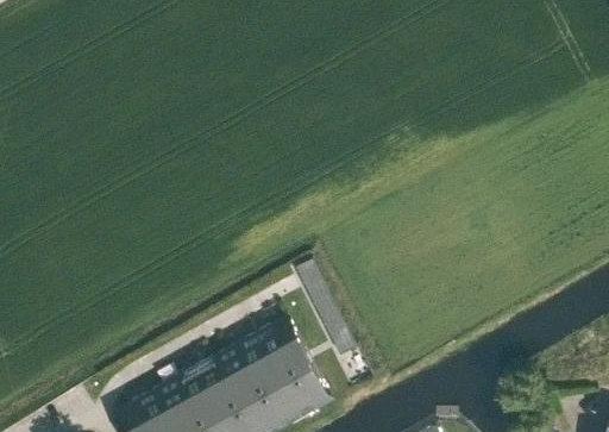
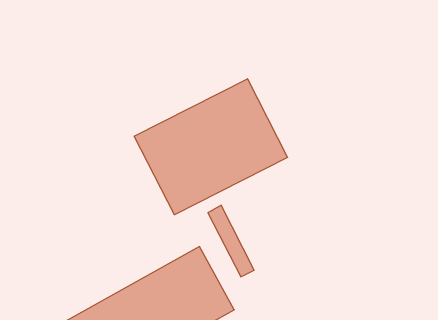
building: none -> [134,79,288,215]

